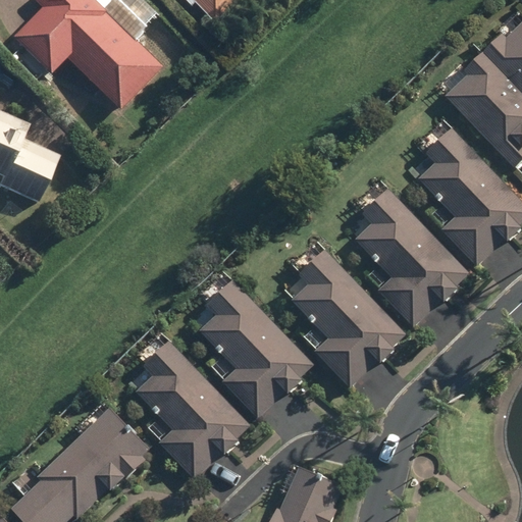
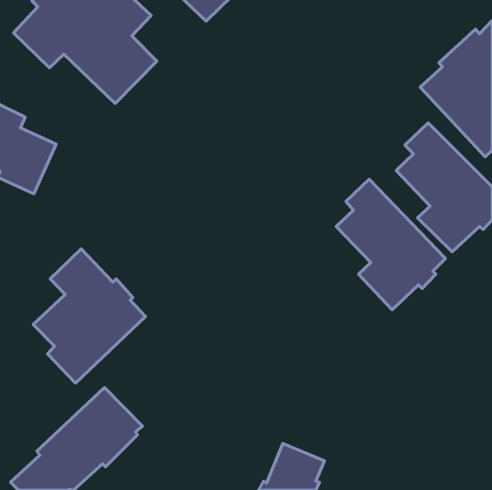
building: [291,250,406,387] -> none
building: none -> [33,249,146,383]
building: [199,279,314,417] -> none
building: [135,341,250,478] -> none

